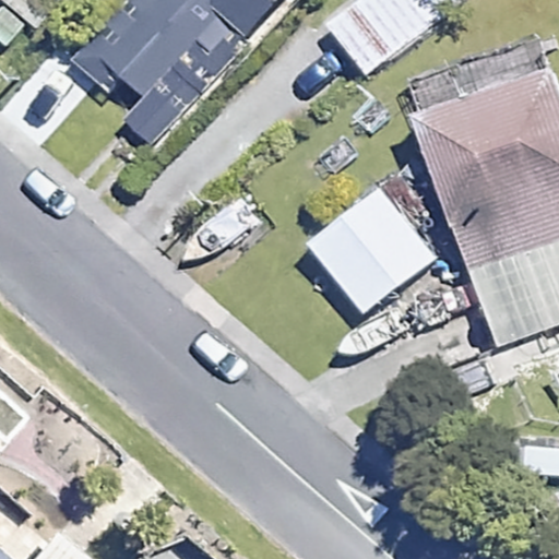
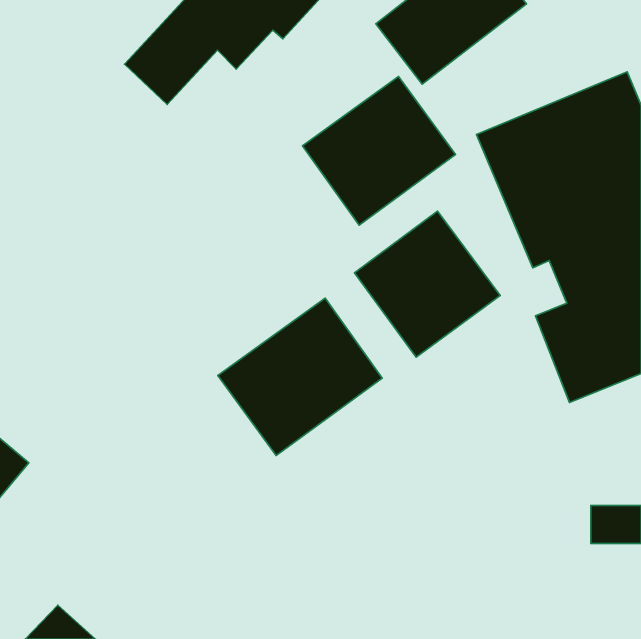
building: none -> [303,77,455,225]
building: none -> [218,298,382,456]

